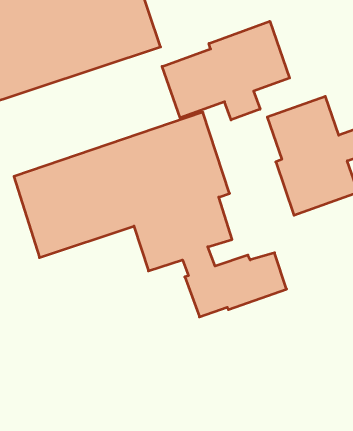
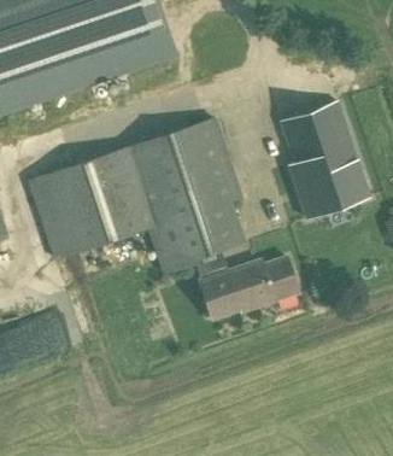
building: [162,21,290,120] -> none

